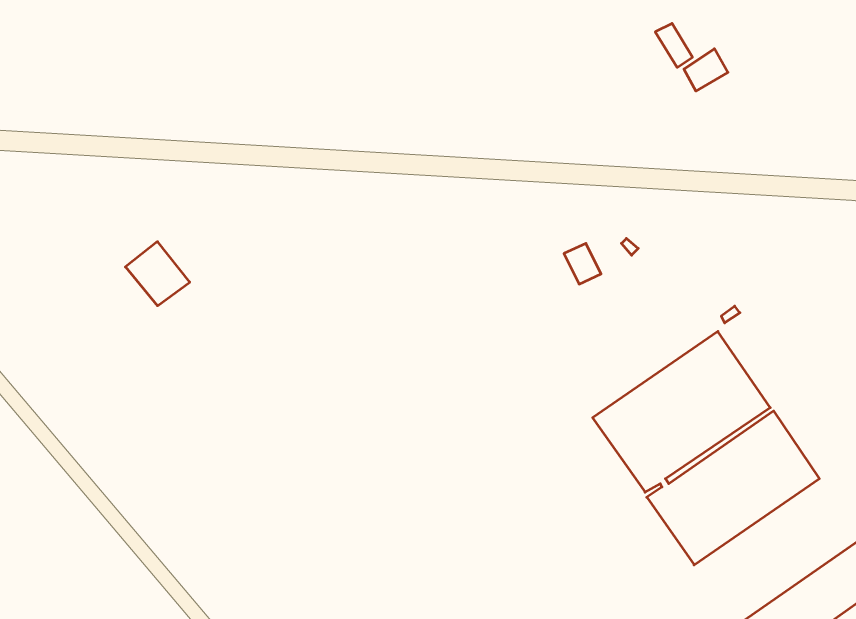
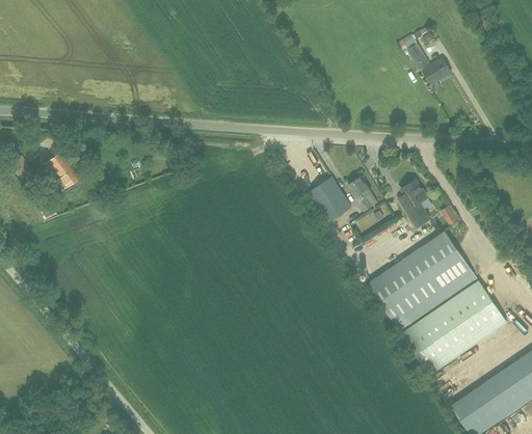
building: [125,242,190,306] -> [43,148,82,188]
building: none -> [307,177,350,221]
building: none -> [397,179,429,226]

